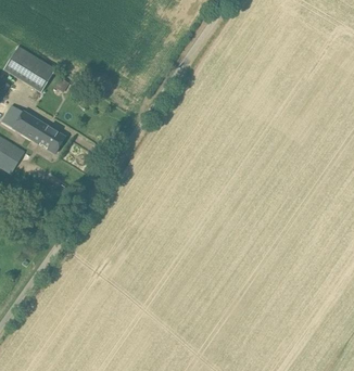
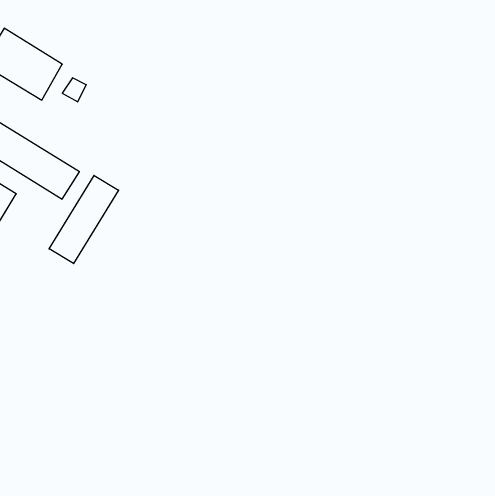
building: none -> [49,175,119,264]

